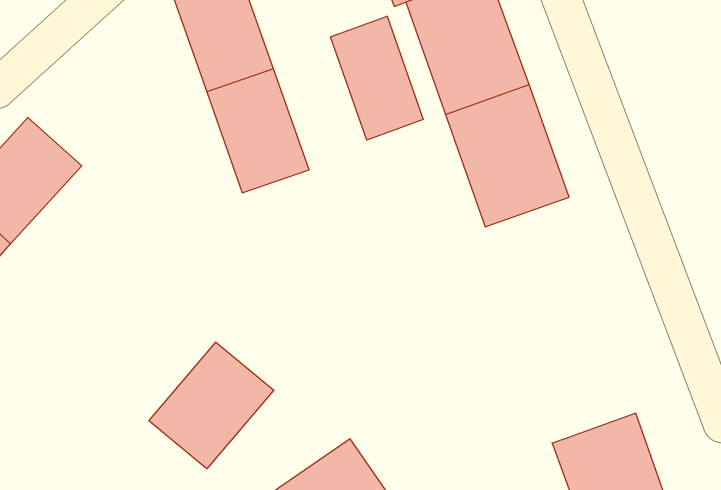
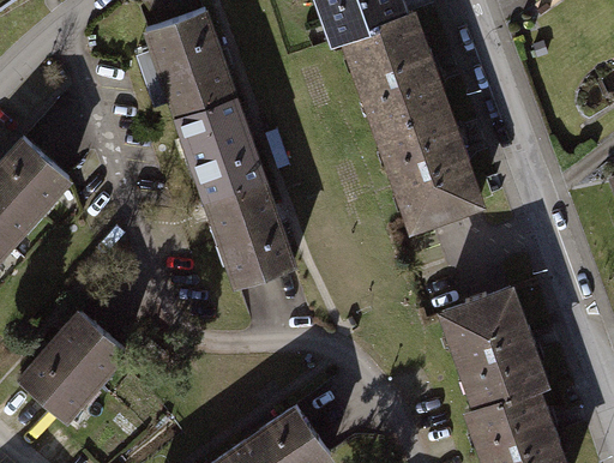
building: [331,16,423,140] -> none
building: none -> [205,181,291,285]
building: none -> [443,288,547,408]
building: [149,342,274,469] -> [22,311,127,417]

